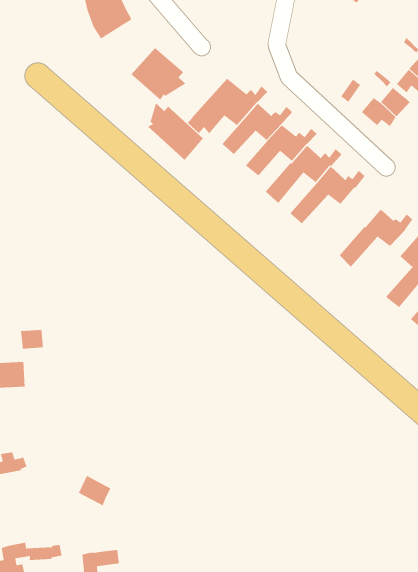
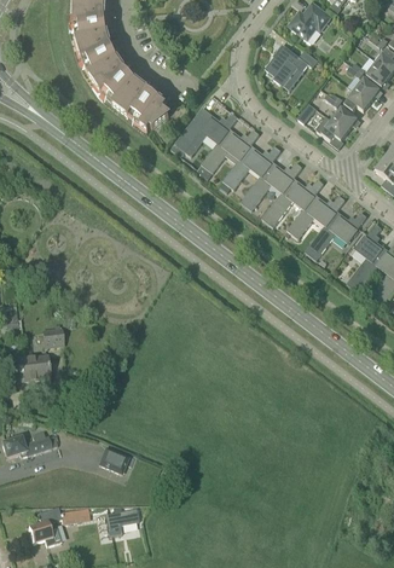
building: none -> [266,45,318,86]
building: none -> [95,64,141,110]
building: [147,102,204,161] -> none
building: none -> [288,193,346,238]

